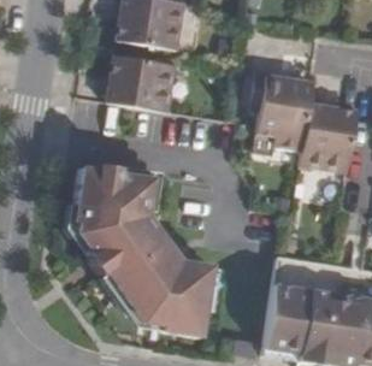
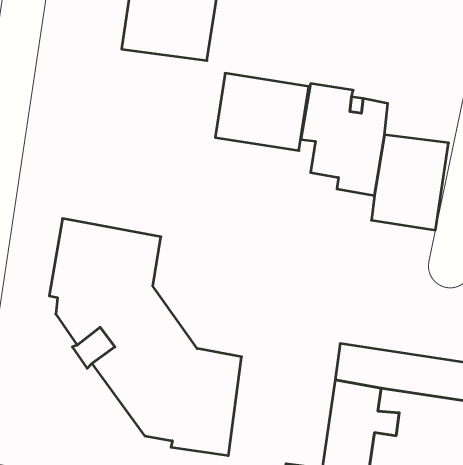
building: [110,55,178,112] -> [215,73,309,151]

